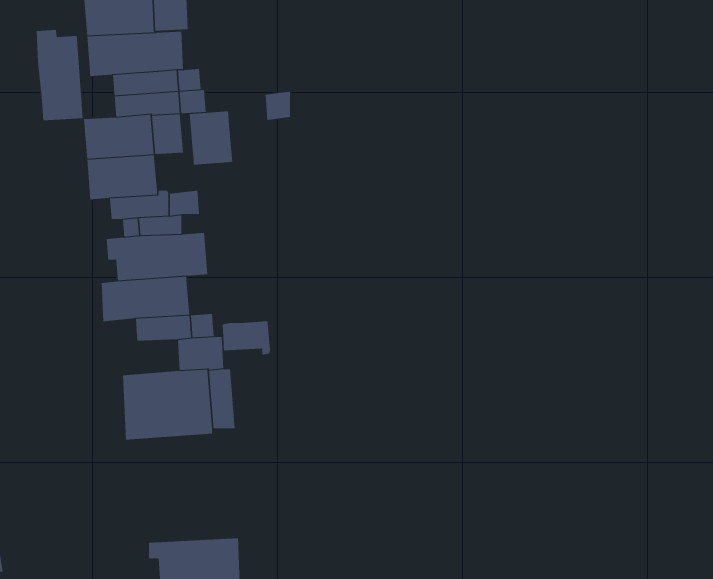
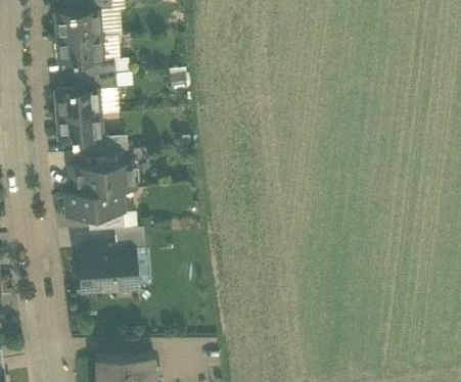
building: [36,29,83,121] -> none
building: [189,111,233,165] -> none
building: [222,320,271,355] -> none

